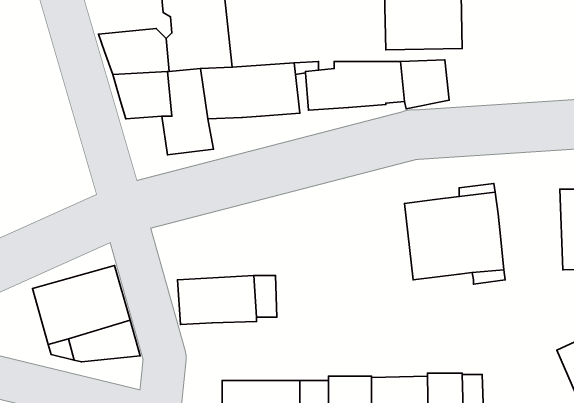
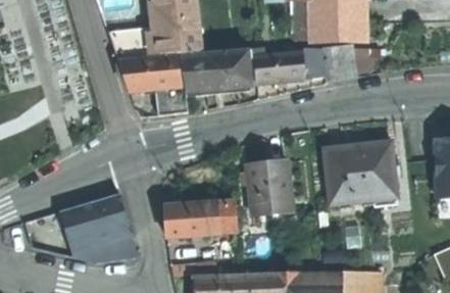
building: none -> [246,161,293,215]

